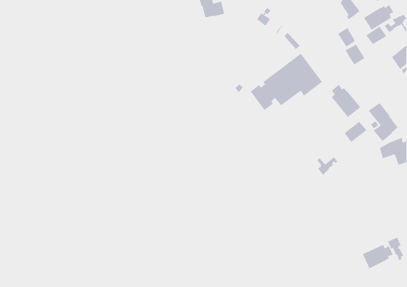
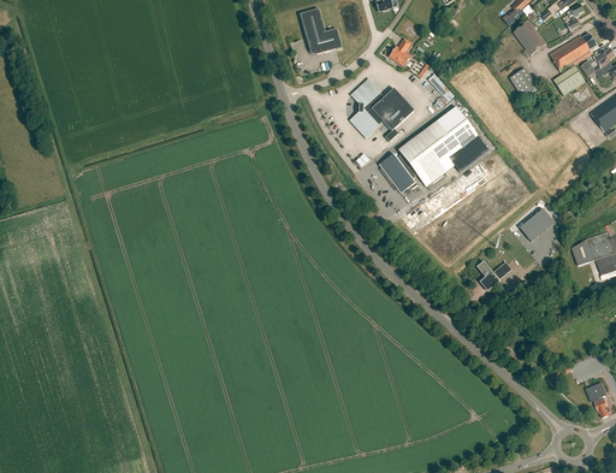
building: none -> [349,78,414,142]
building: [345,44,365,66] -> none
building: [331,84,361,118] -> none
building: [368,102,398,142] -> none
building: [362,244,394,269] -> none

